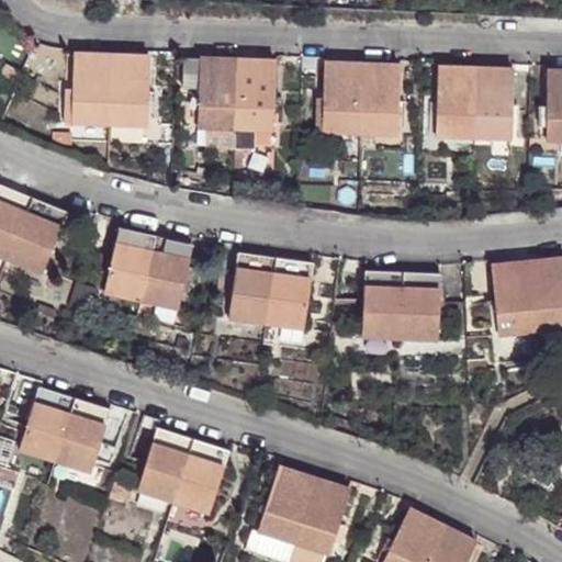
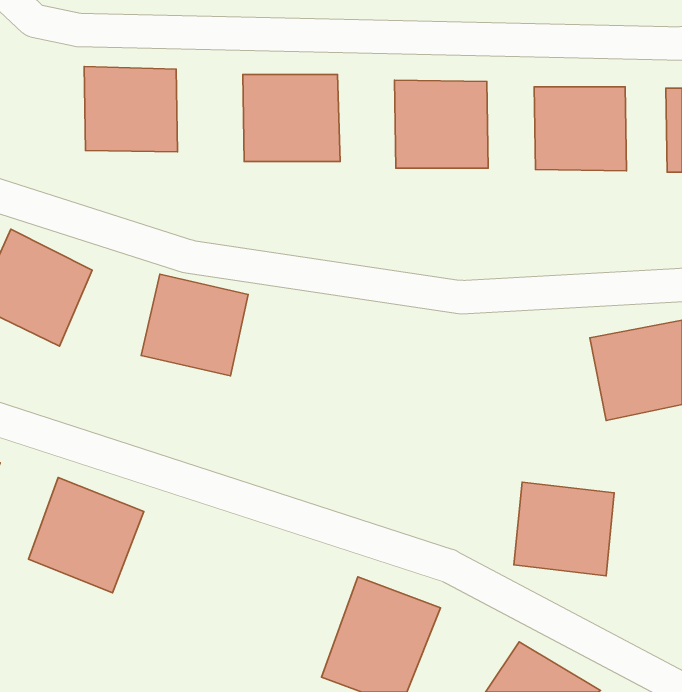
building: [243,250,324,328] -> none
building: [348,279,429,355] -> [514,482,614,576]
building: [144,425,235,516] -> none

